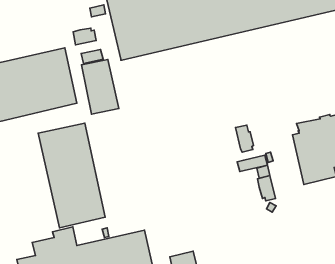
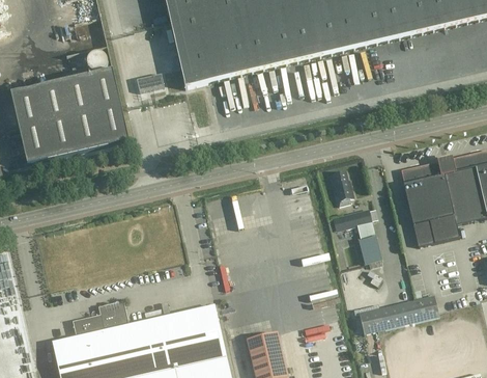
building: [73,28,96,45] -> none
building: [81,60,119,114] -> none
building: [38,123,105,228] -> none
building: none -> [359,293,438,331]

